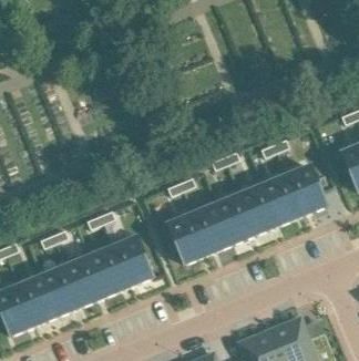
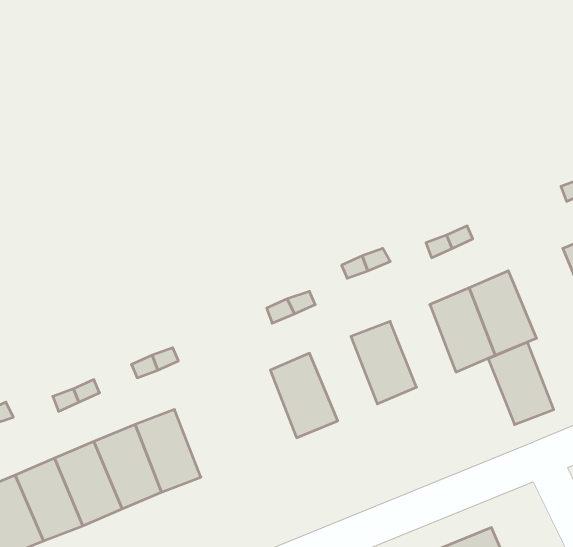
building: [240,185,279,234] -> [488,342,554,425]
building: [193,204,233,254] -> none
building: [113,237,153,287] -> none

